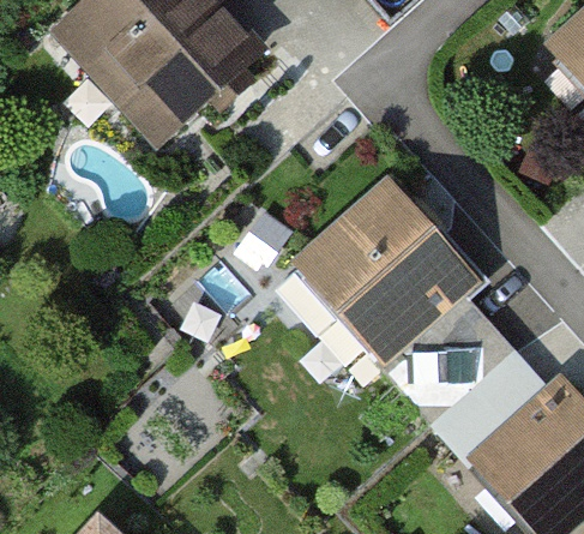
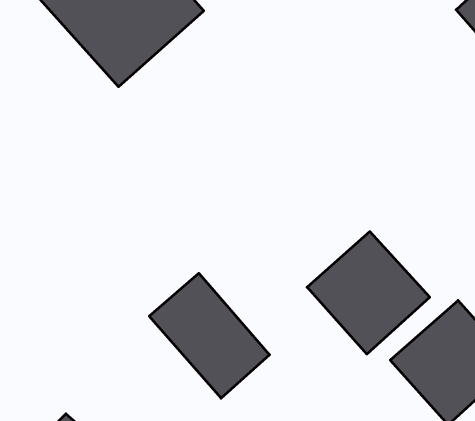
building: [275,185,464,344] -> none
building: none -> [149,273,270,398]

